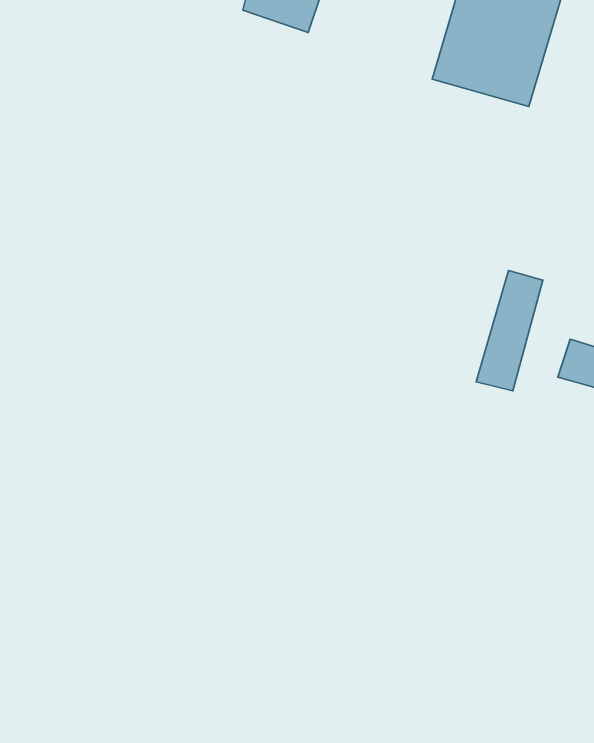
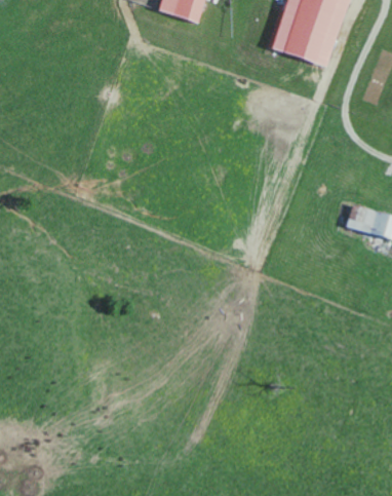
building: [476,270,543,391] -> none

